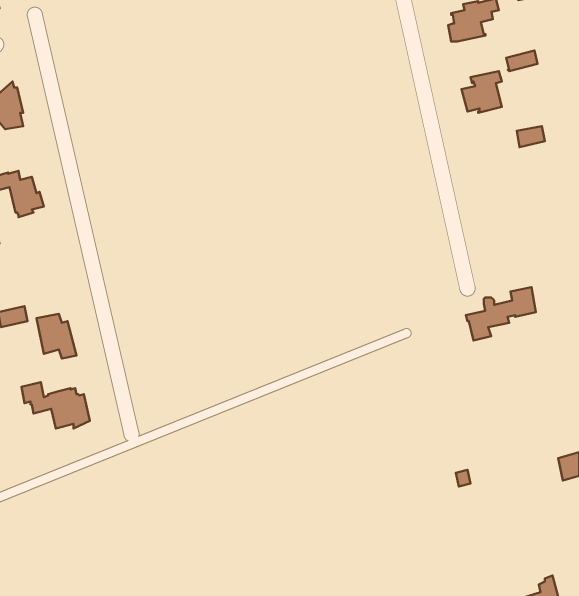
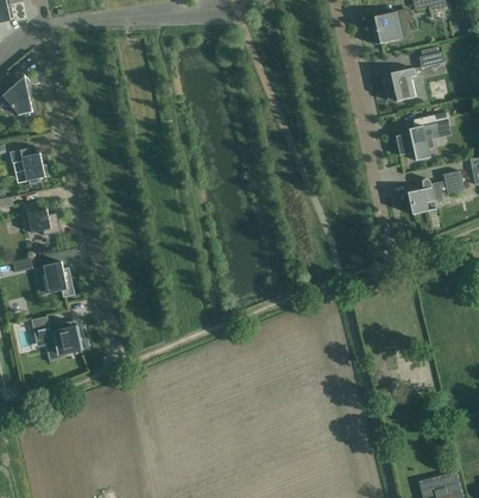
building: none -> [393,126,433,160]
building: none -> [21,202,59,235]
building: [466,287,536,341] -> [406,170,462,213]

